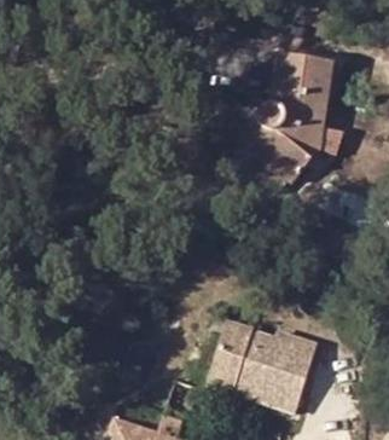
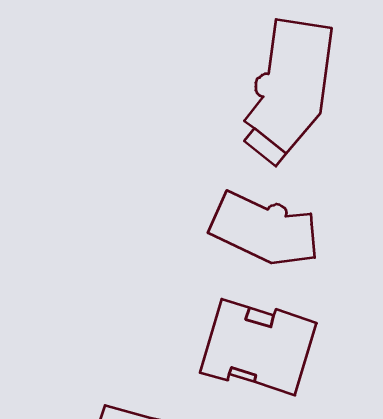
building: none -> [208,190,315,263]

